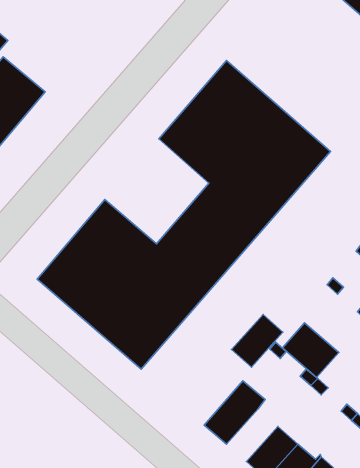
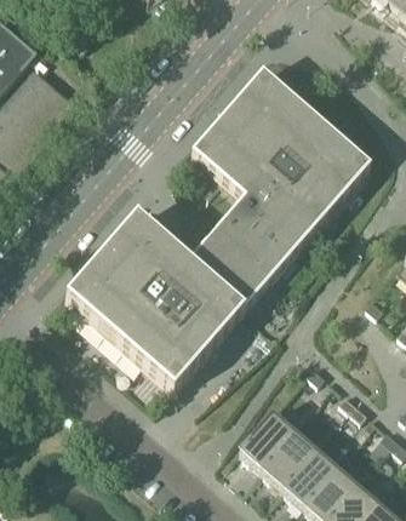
building: [232,315,283,367] -> [263,429,316,483]
building: [283,323,339,378] -> none

